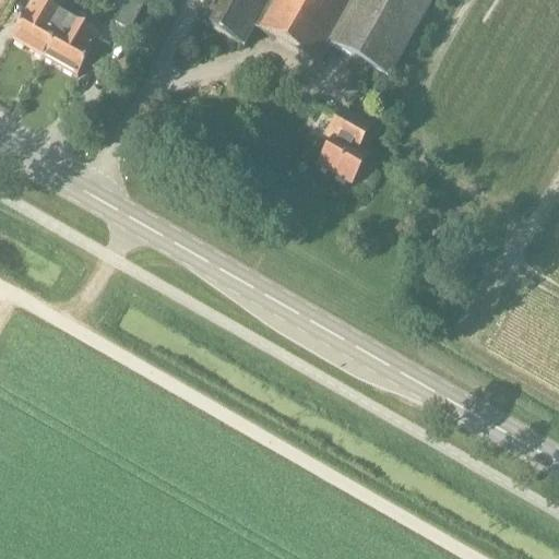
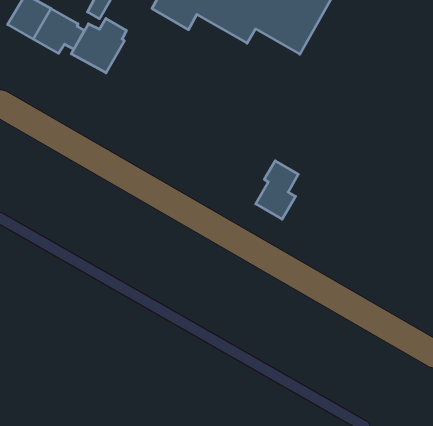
building: none -> [71,18,126,73]
building: [318,102,372,177] -> [256,161,298,219]

